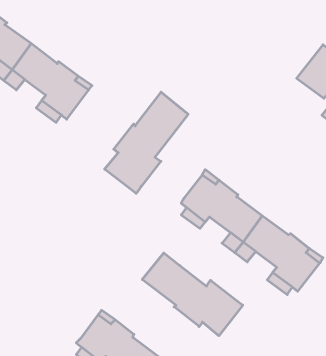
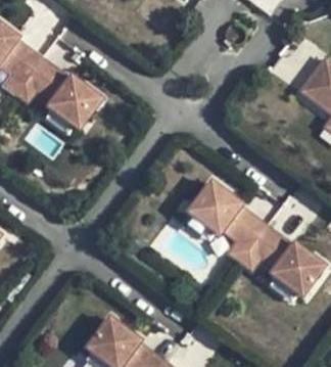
building: [105,92,188,193] -> none
building: [142,253,243,336] -> none

